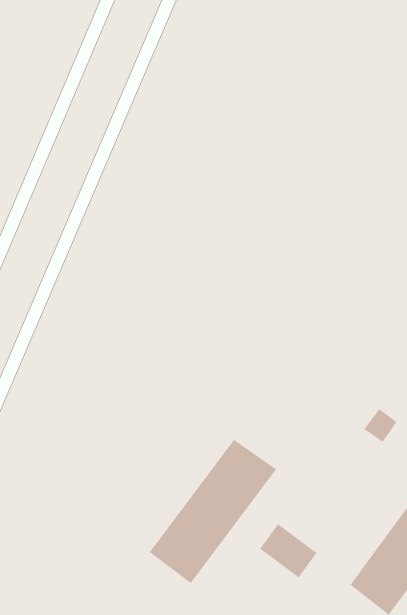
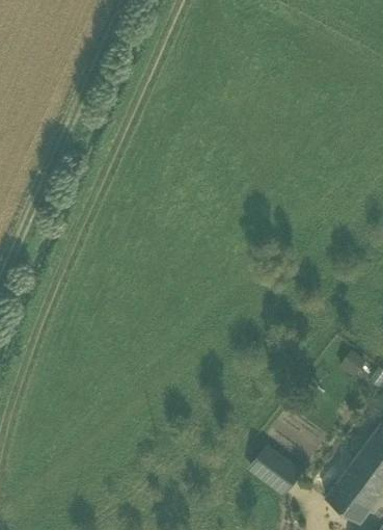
building: [149,439,277,584] -> none

